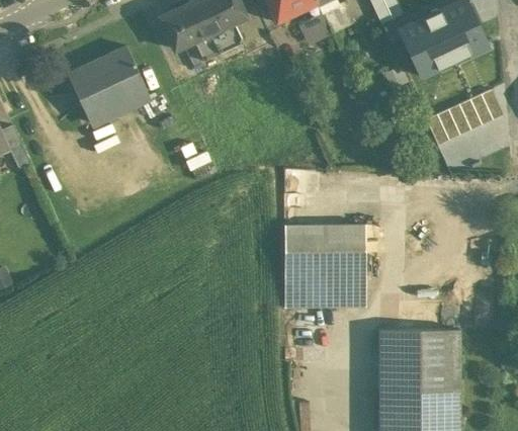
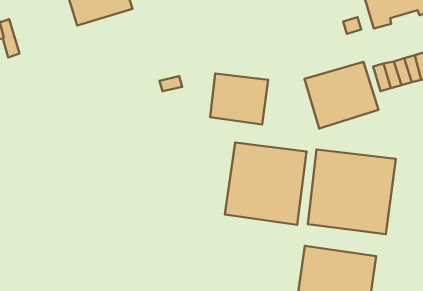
building: none -> [304,62,378,128]
building: none -> [210,74,268,125]
building: none -> [308,150,396,234]

